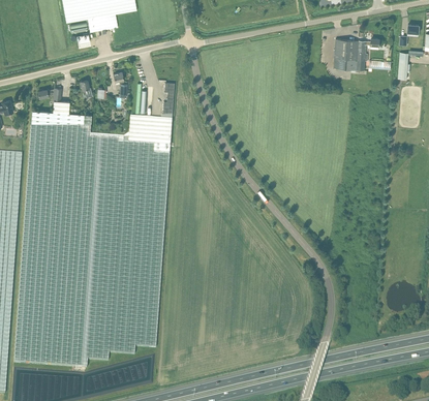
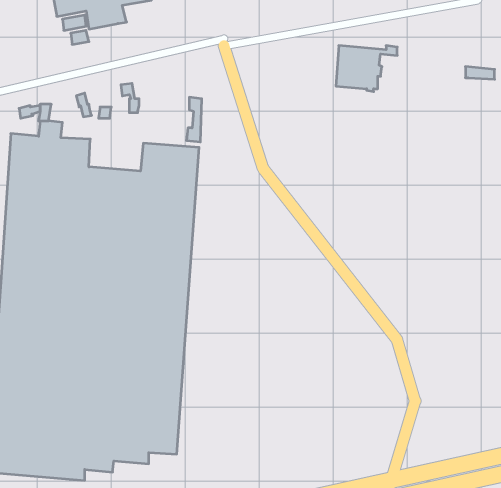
building: [333,37,378,71] -> [336,46,397,92]

